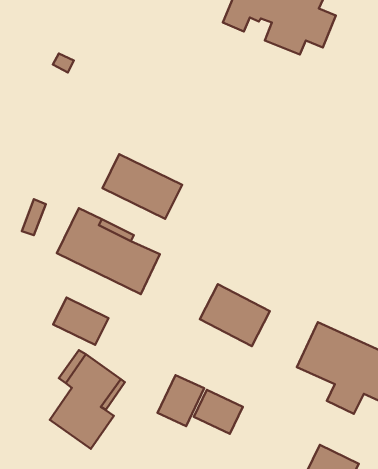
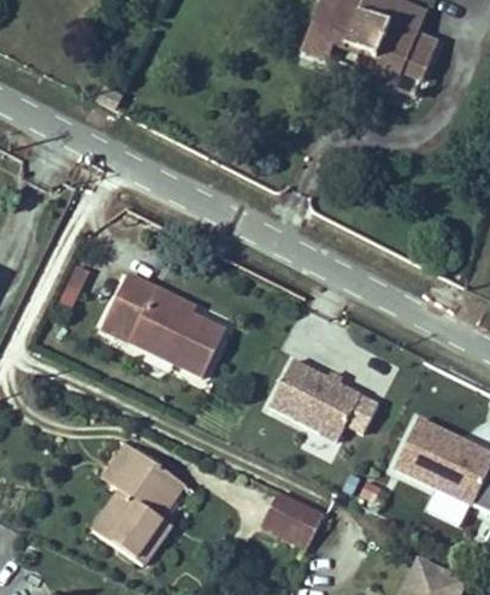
building: [102,154,182,219] -> none
building: [53,298,109,345] -> none
building: [158,375,204,426] -> none

